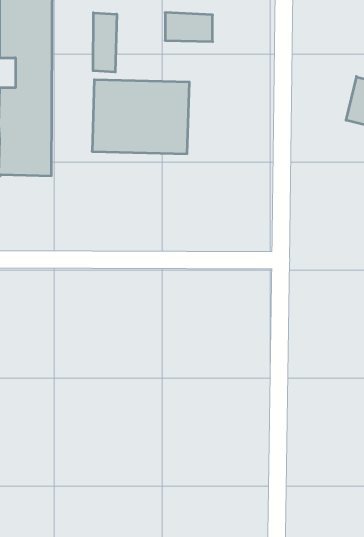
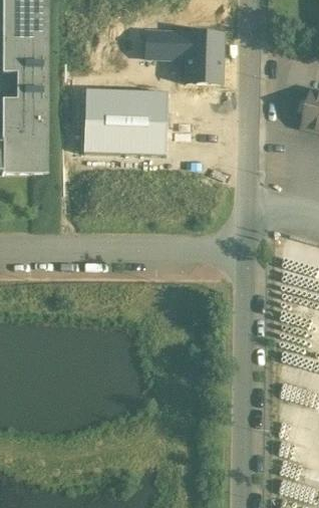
building: [93,13,117,72] -> none
building: none -> [186,33,221,81]

